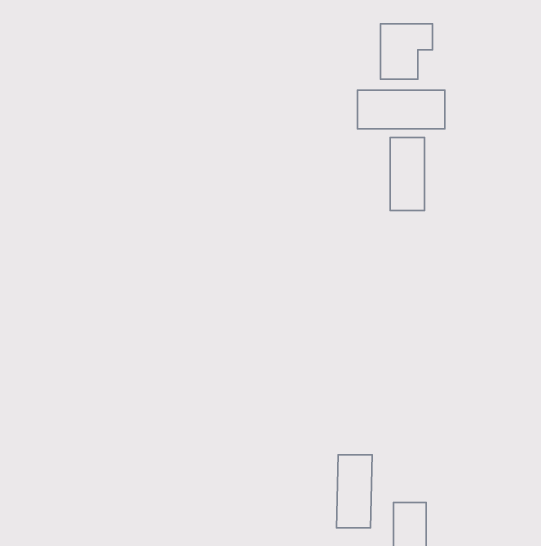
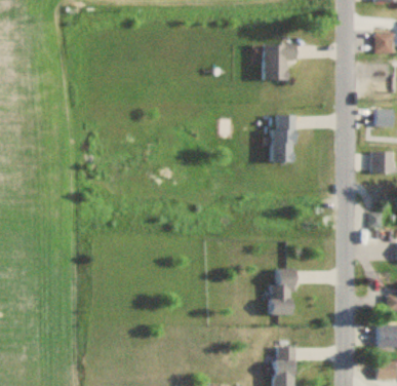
building: [357,90,445,129] -> none
building: [336,455,372,528] -> [272,269,294,315]

